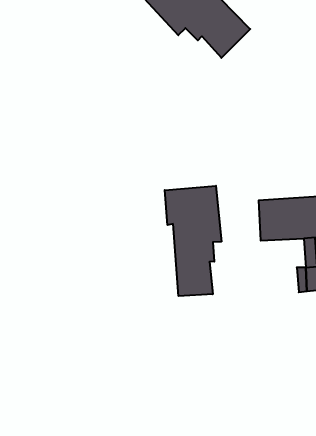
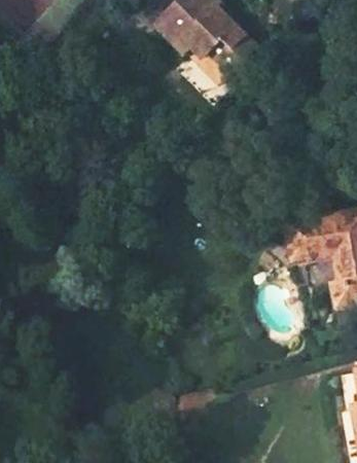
building: [165,186,221,296] -> none

